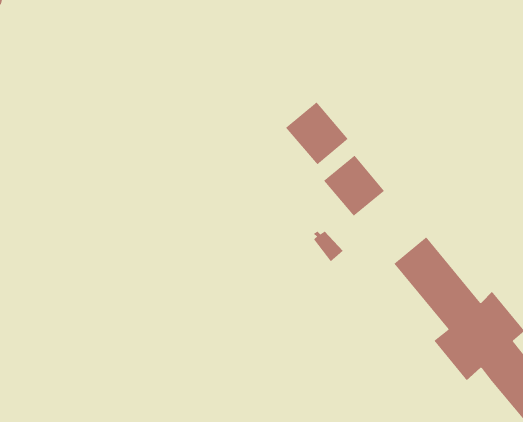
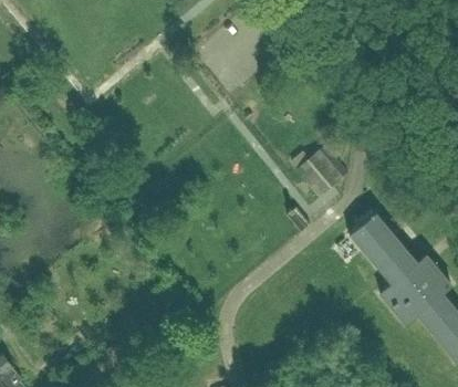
building: [285,102,349,165] -> none

